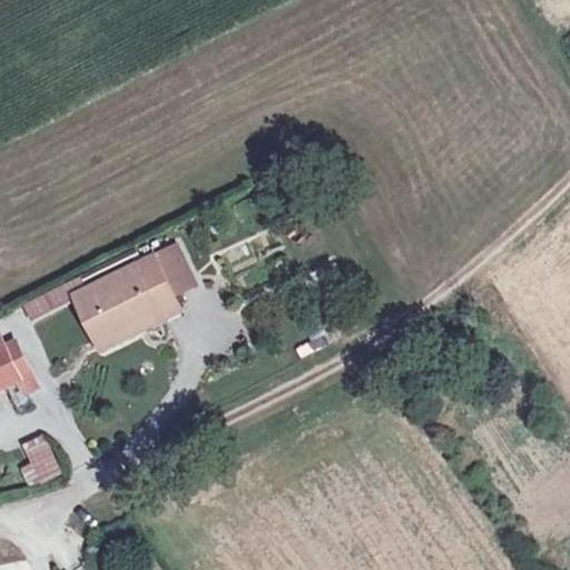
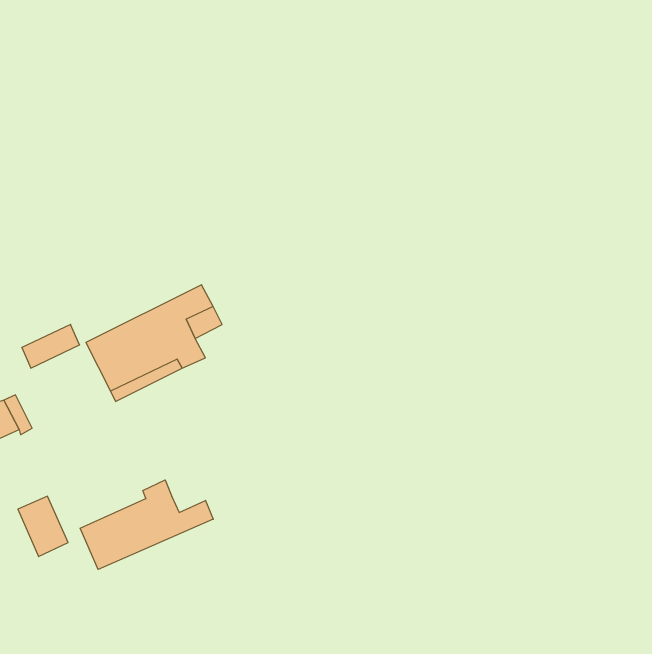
building: none -> [80,480,213,569]

